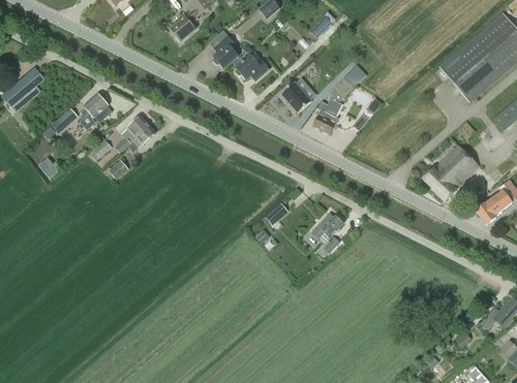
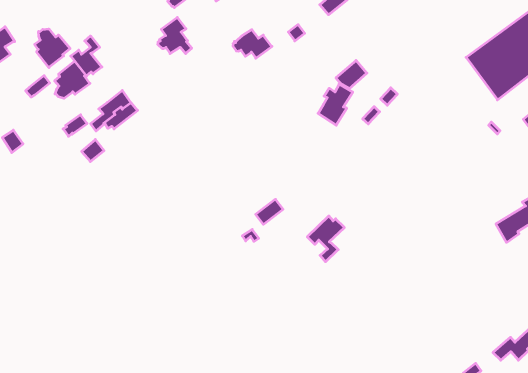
building: [212,35,242,67] -> [158,17,192,54]
building: none -> [35,29,70,68]
building: none -> [71,36,102,76]
building: [281,81,311,113] -> none
building: [423,143,479,200] -> none

